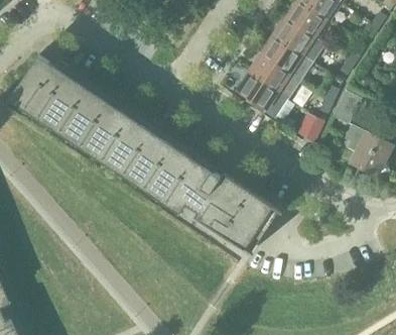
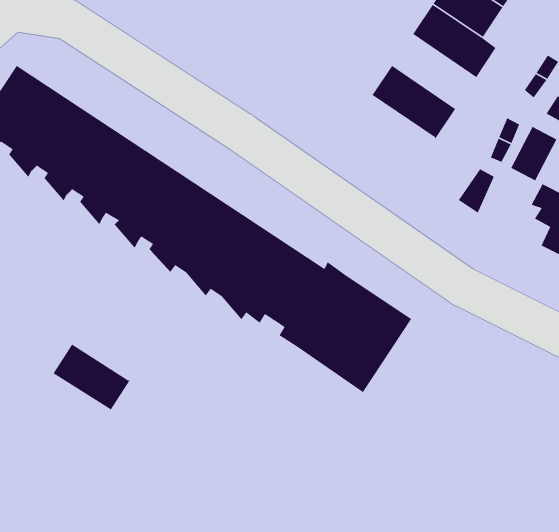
building: [262,37,312,82] -> none
building: [238,74,287,119] -> none
building: none -> [53,344,130,410]

